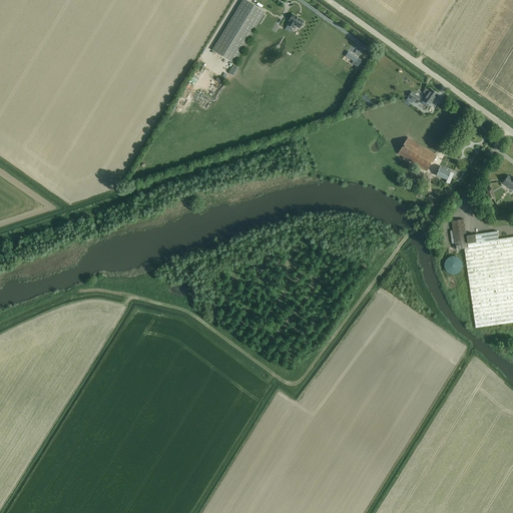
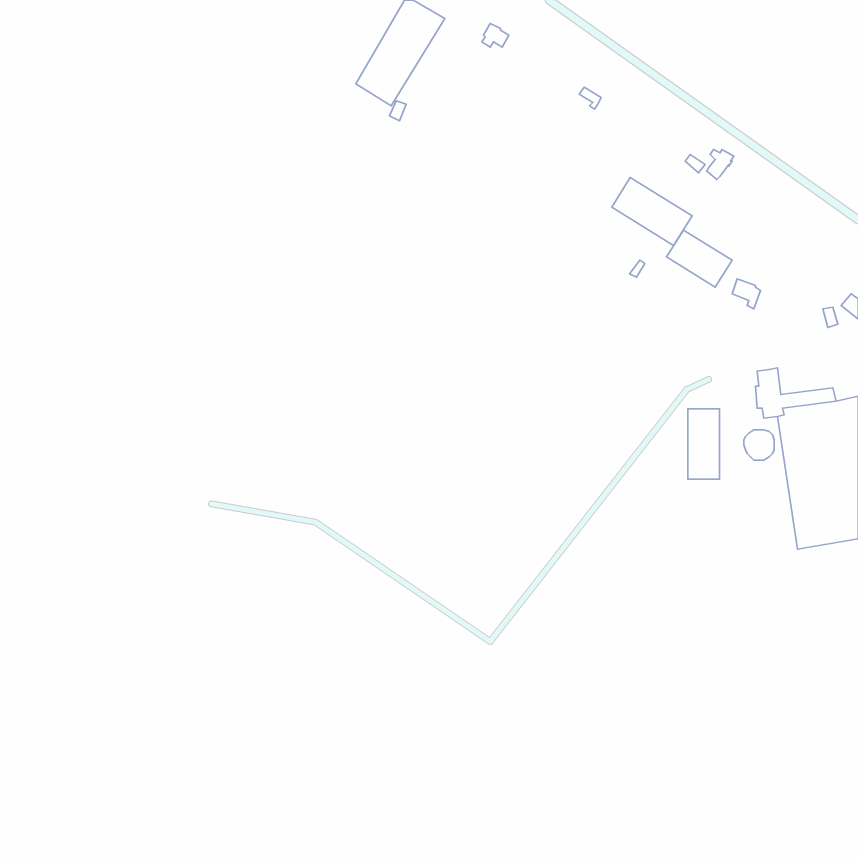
building: none -> [612,177,692,246]
building: none -> [688,409,720,479]

